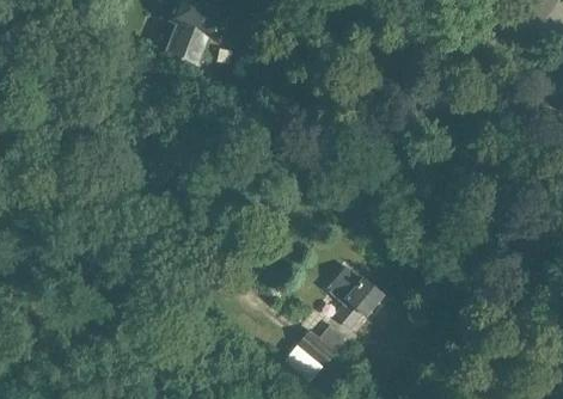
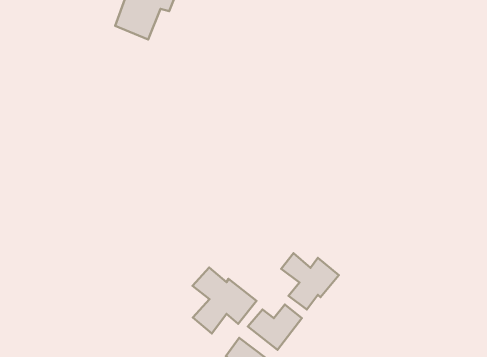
building: none -> [192,267,256,334]

